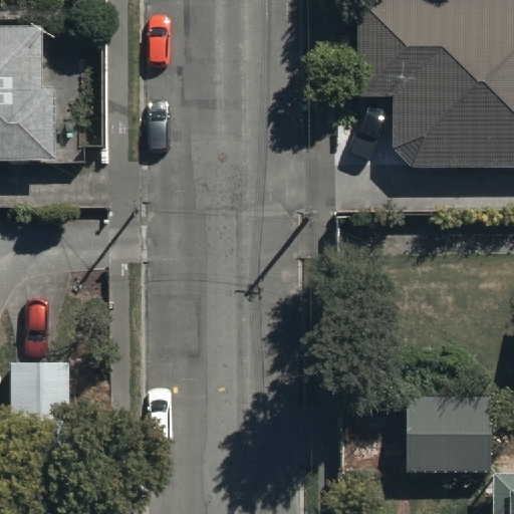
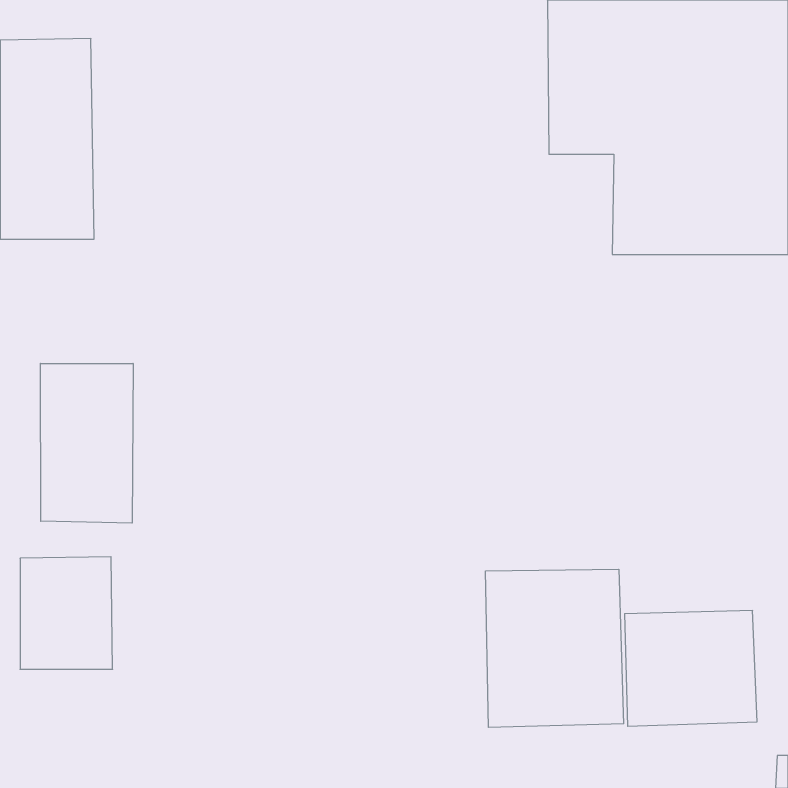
building: none -> [40,363,133,523]
building: none -> [486,569,624,727]

